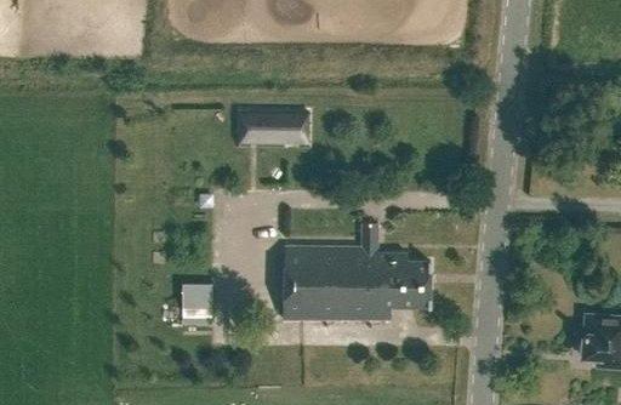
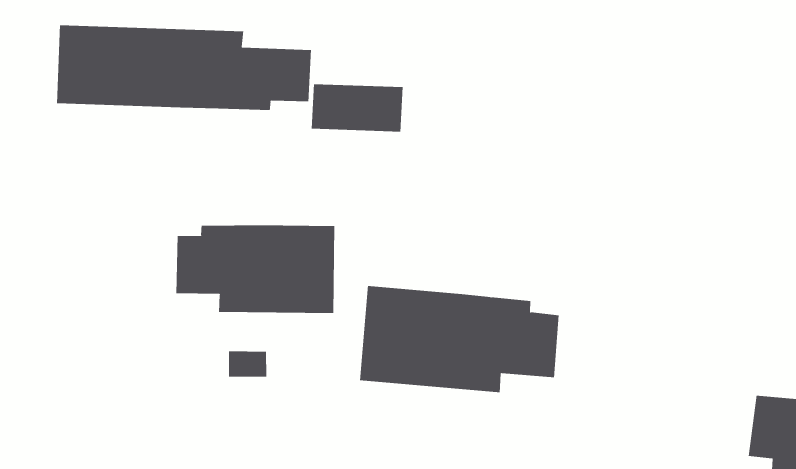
building: none -> [57,24,311,111]
building: none -> [176,225,335,314]

